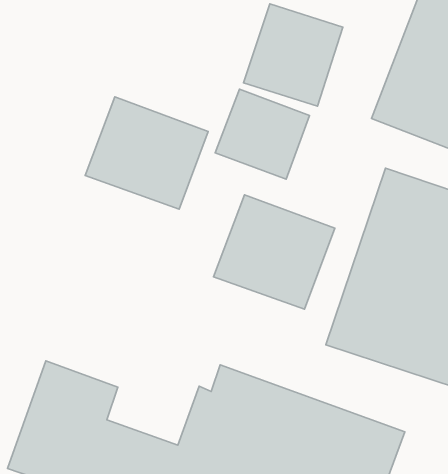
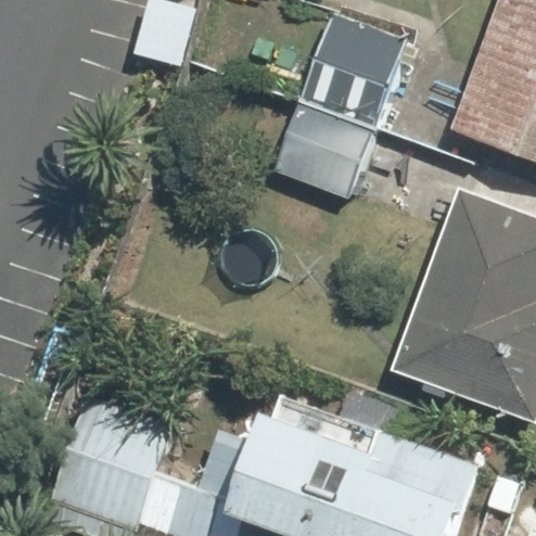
building: [85,97,208,209] -> none
building: [214,195,335,309] -> none

